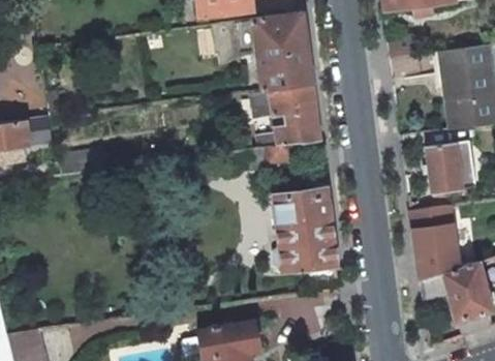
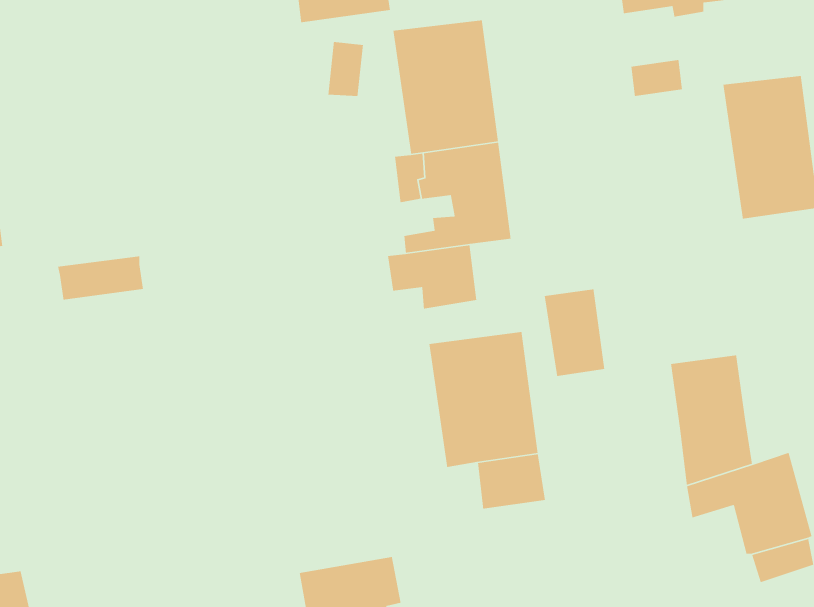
building: [426,141,461,191] -> [544,288,605,377]

